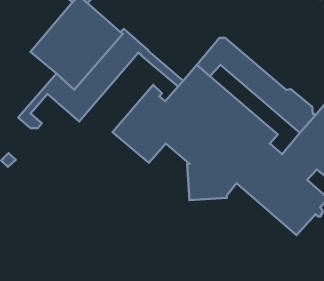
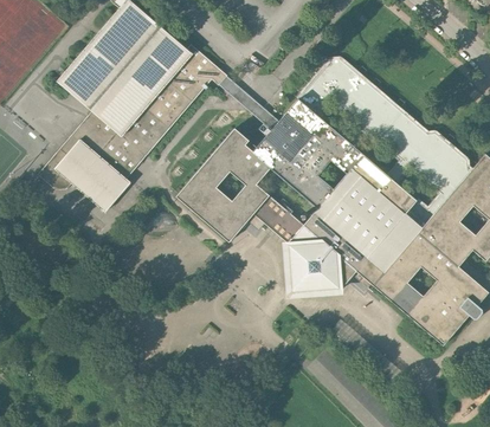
building: none -> [56,140,131,212]

